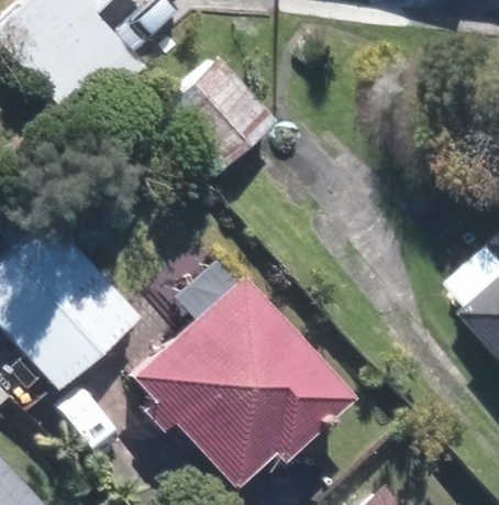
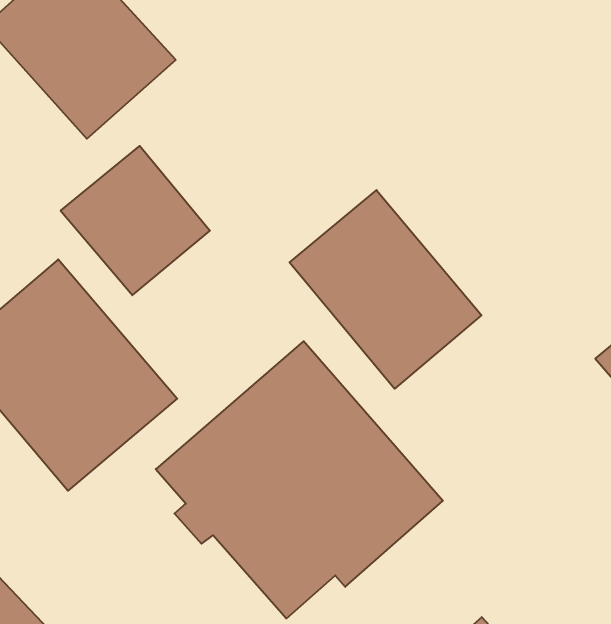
building: [162,63,276,177] -> [61,146,210,295]
building: none -> [290,190,481,389]

